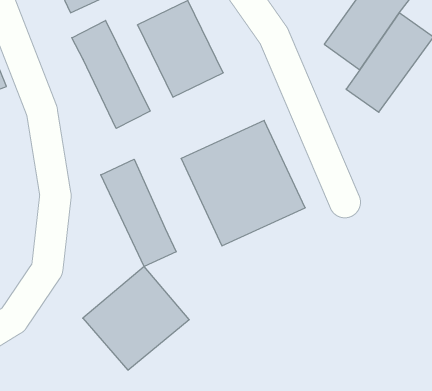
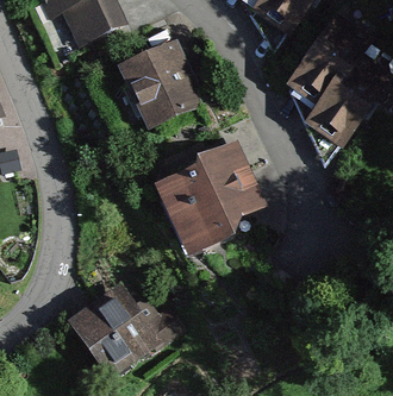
building: [72,20,150,128] -> none
building: [101,159,176,266] -> none

